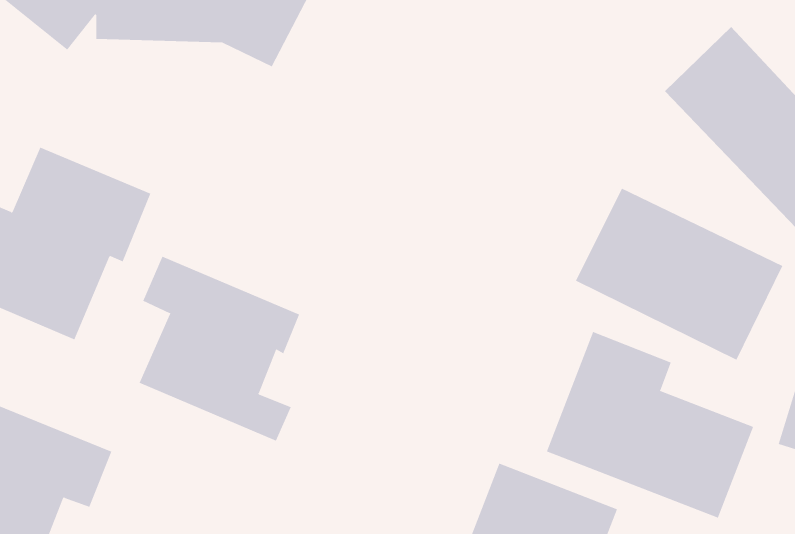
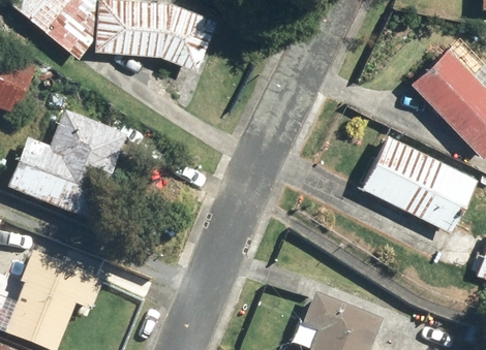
building: [139,256,300,441] -> none
building: [546,331,754,518] -> none

